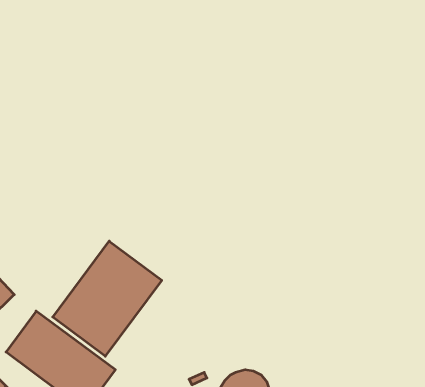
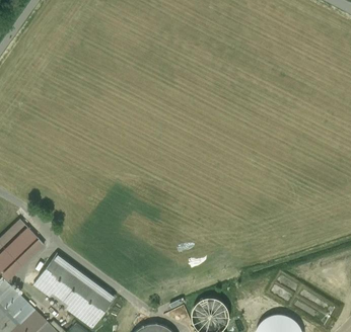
building: [53,241,162,356] -> none

